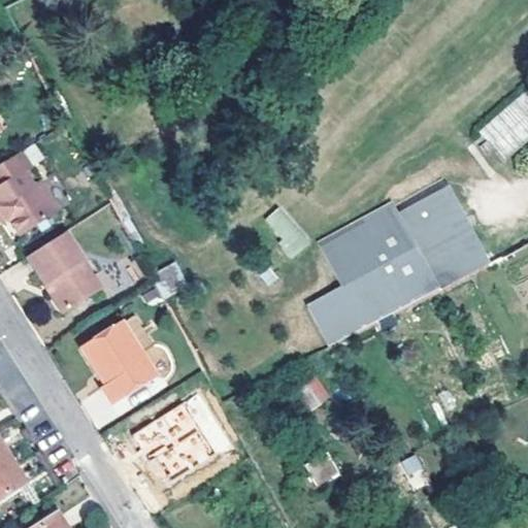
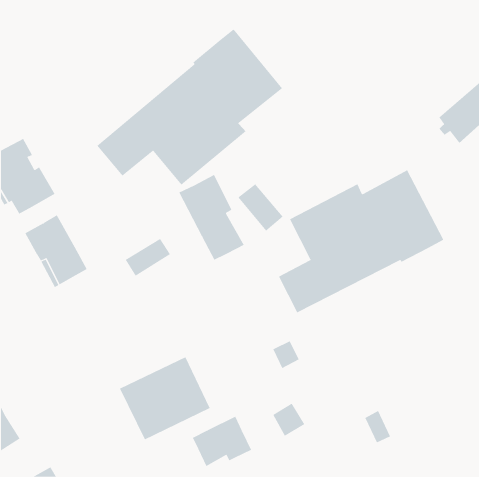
building: none -> [97,28,283,185]
building: none -> [179,174,245,261]
building: [82,324,154,403] -> none
building: none -> [192,416,252,467]

